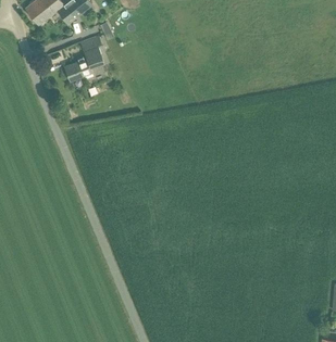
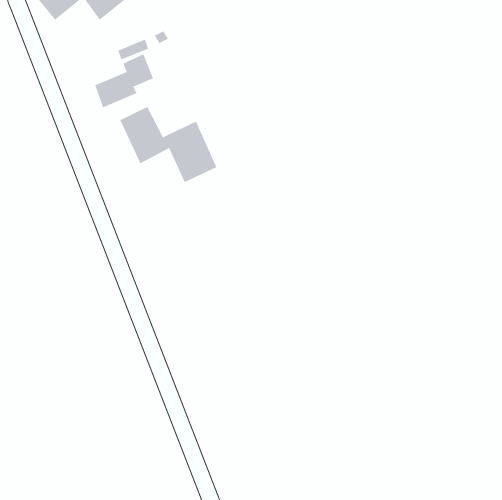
building: none -> [120,106,217,183]

